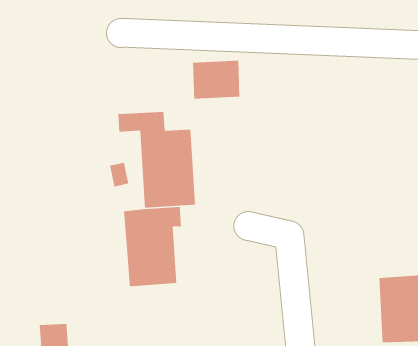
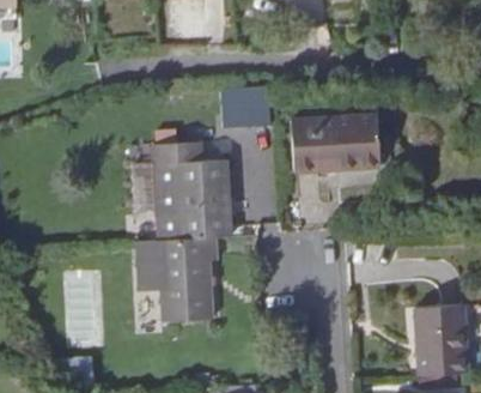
building: none -> [288,113,377,170]

